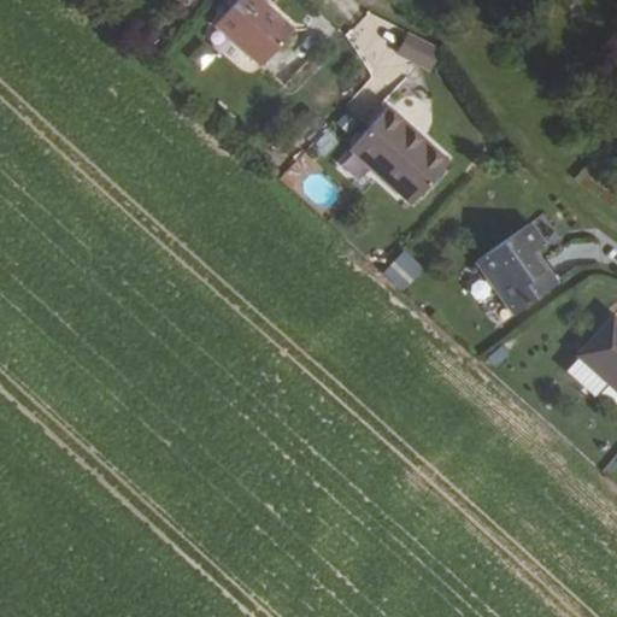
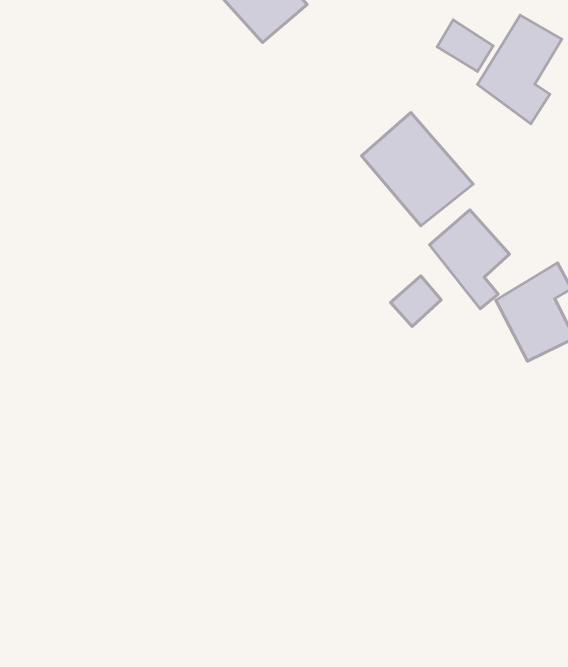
building: none -> [477,15,562,124]
building: none -> [430,210,510,309]

